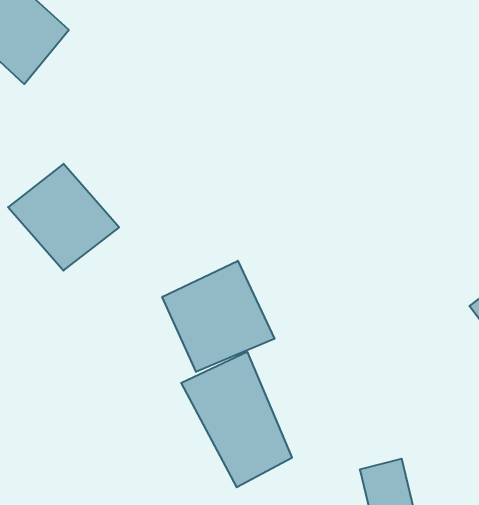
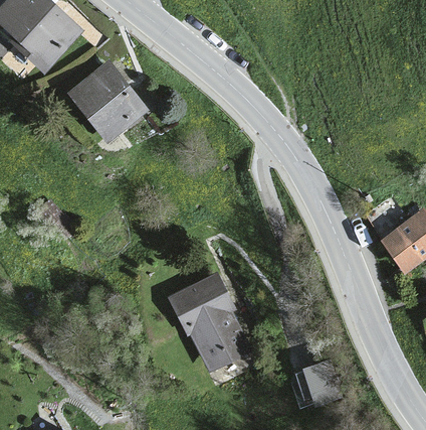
building: [8,164,119,271] -> [68,62,151,142]
building: [162,261,274,372] -> none

